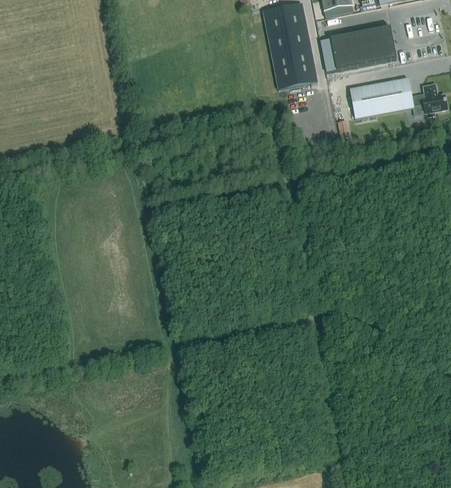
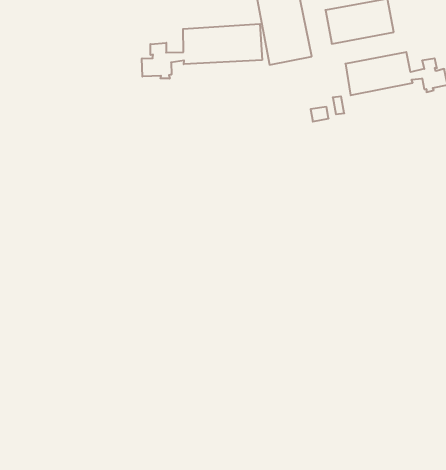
building: none -> [142,24,262,79]

